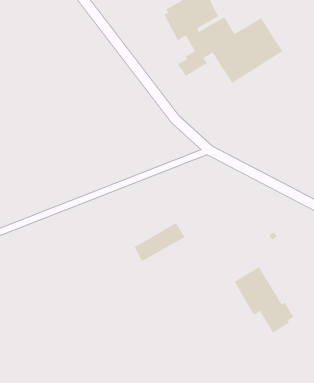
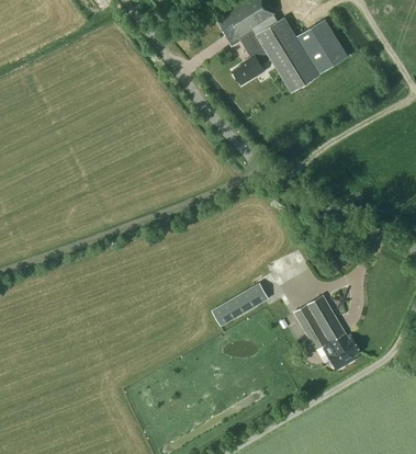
building: [134,222,185,262] -> [212,282,269,326]

